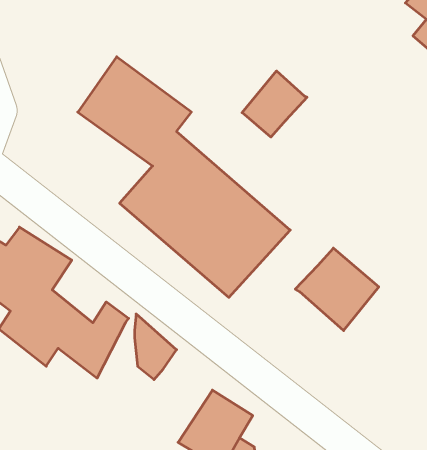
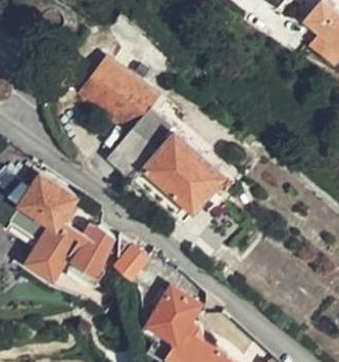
building: [242,71,307,137] -> none
building: [295,248,379,331] -> none

